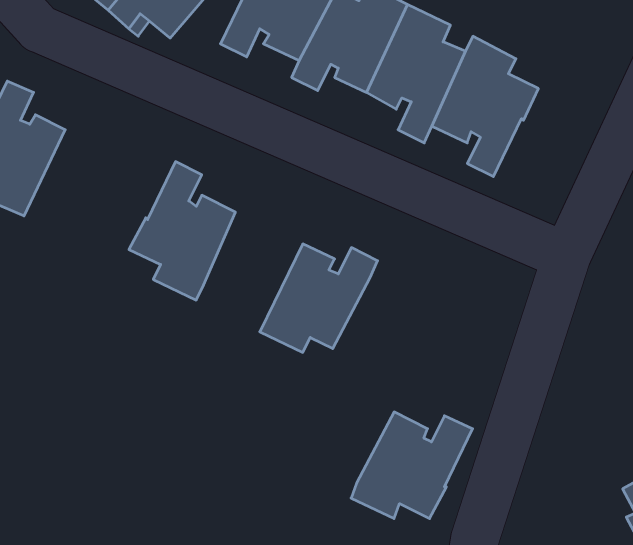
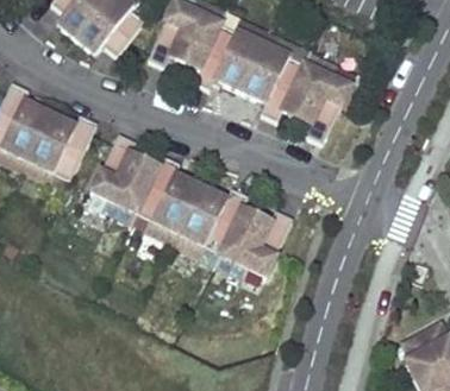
building: none -> [23,113,96,181]
building: none -> [137,154,200,241]
building: [351,412,473,519] -> [215,207,293,275]

